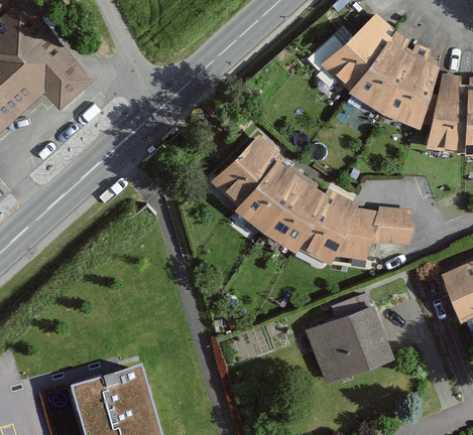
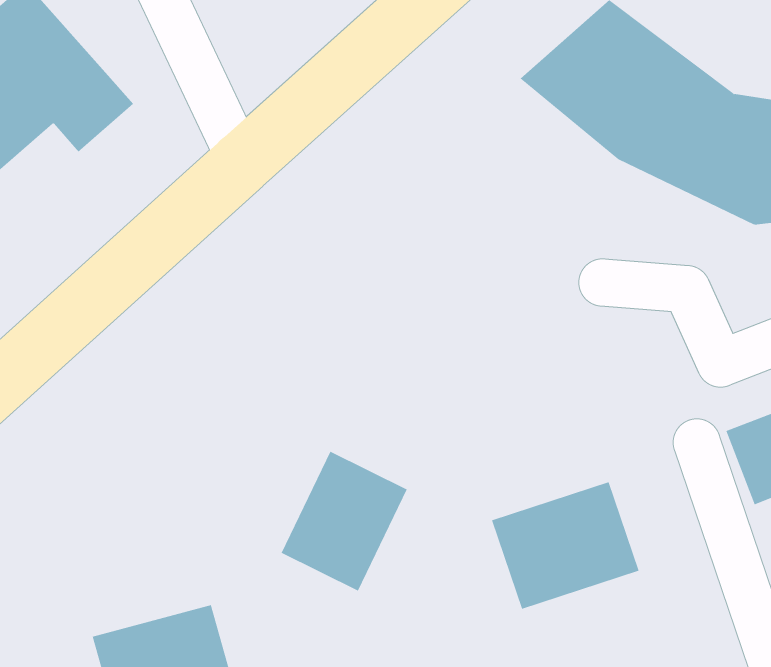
building: [211,139,410,266] -> none
building: none -> [281,451,407,592]

